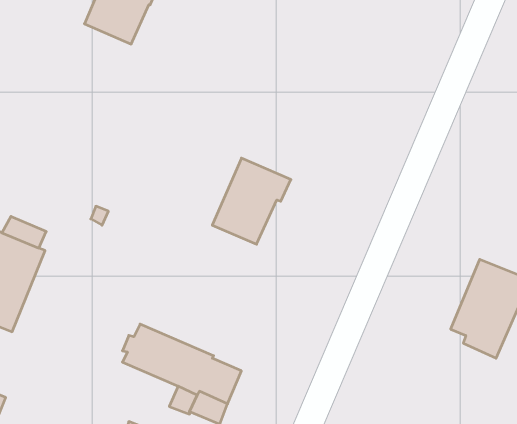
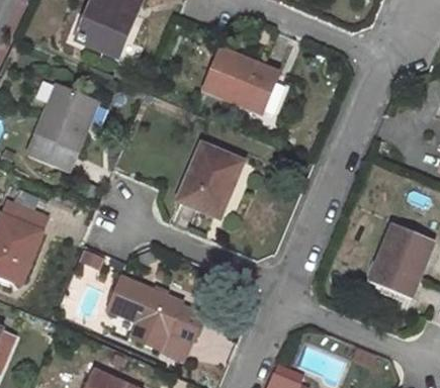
building: none -> [205,47,285,115]
building: none -> [27,81,97,172]

